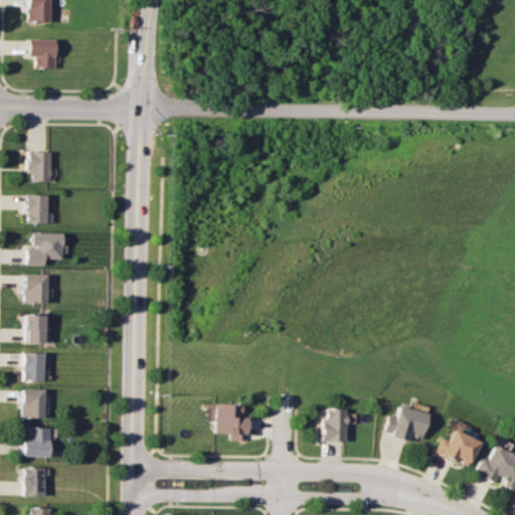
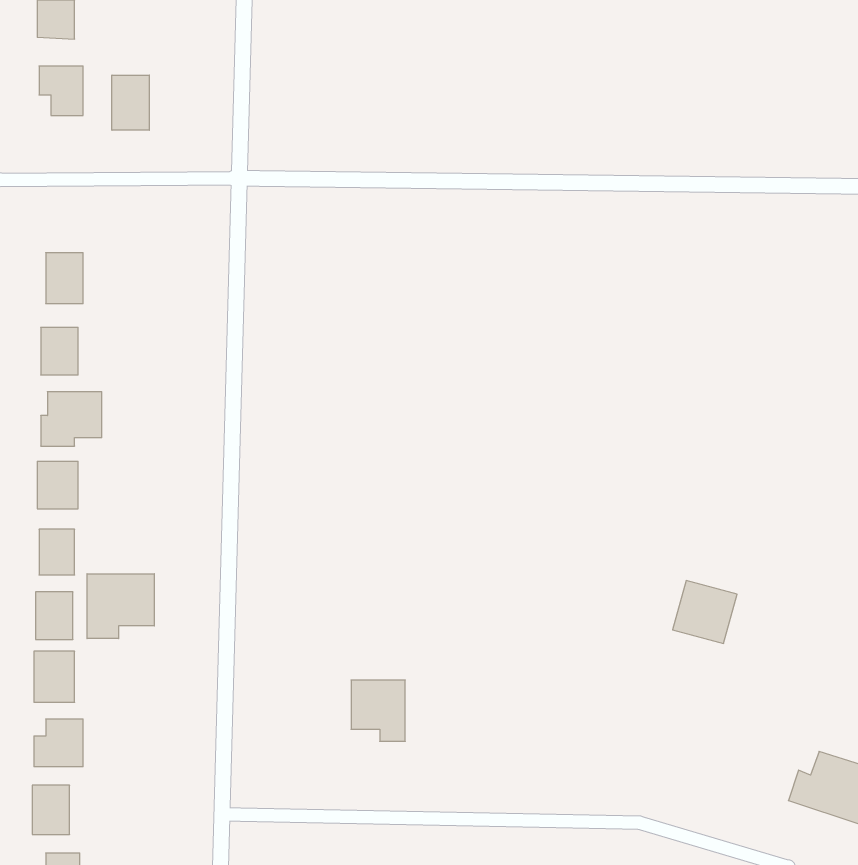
building: none -> [112,75,149,130]
building: none -> [87,574,154,639]
building: [387,405,425,443] -> [673,581,737,643]
building: [318,408,343,442] -> none
building: [437,428,477,468] -> none

